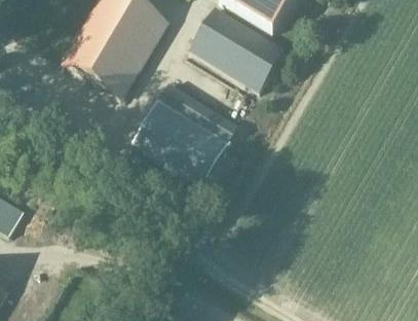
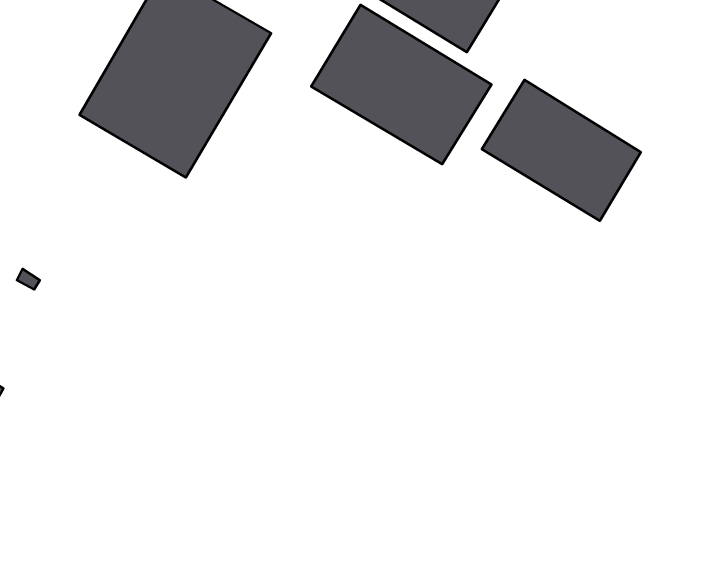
building: none -> [482,80,641,221]
building: [131,82,238,186] -> none

